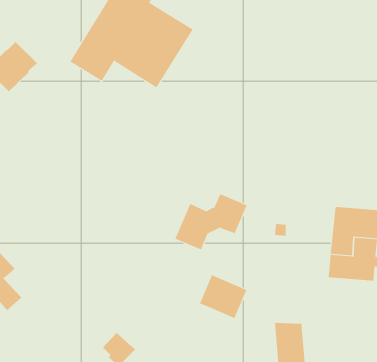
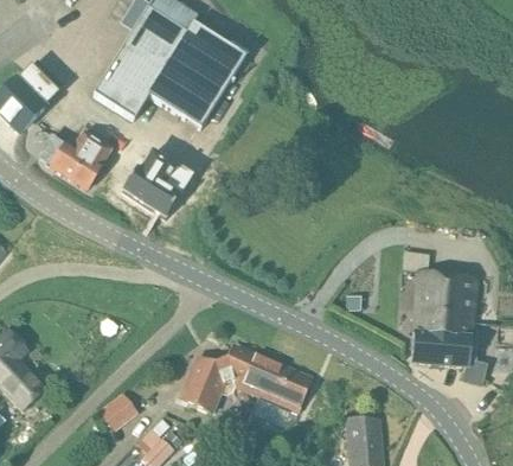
building: none -> [51,132,111,189]
building: none -> [118,160,185,223]
building: [175,194,248,250] -> [179,343,269,413]
building: none -> [100,391,140,430]

